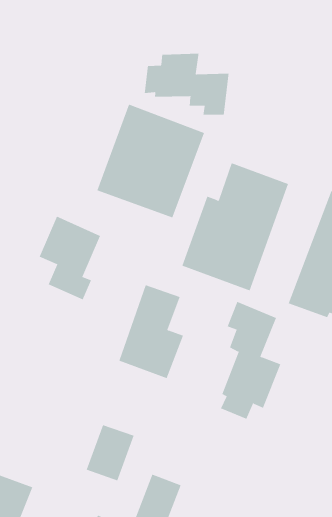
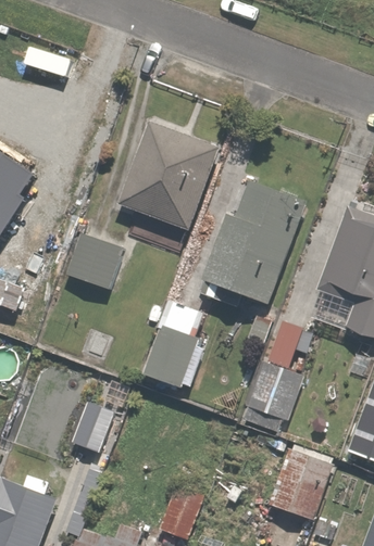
building: [144,53,229,116] -> none
building: [86,425,135,481] -> [70,399,117,455]
building: none -> [269,443,334,520]

